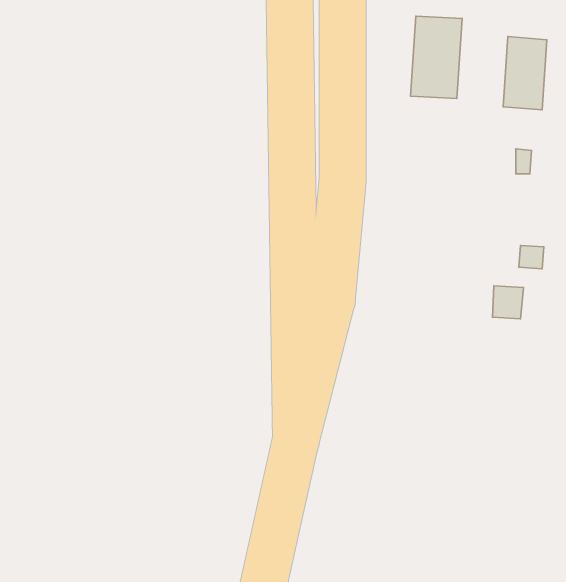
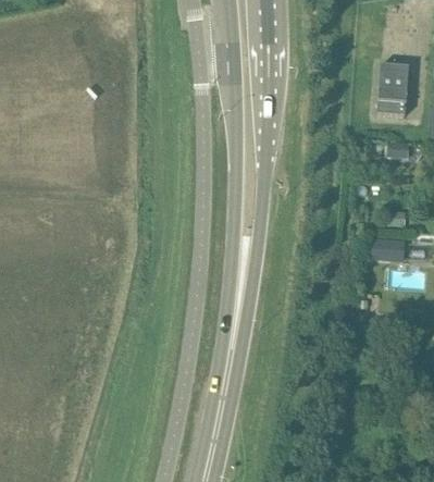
building: [411,16,462,99] -> none

